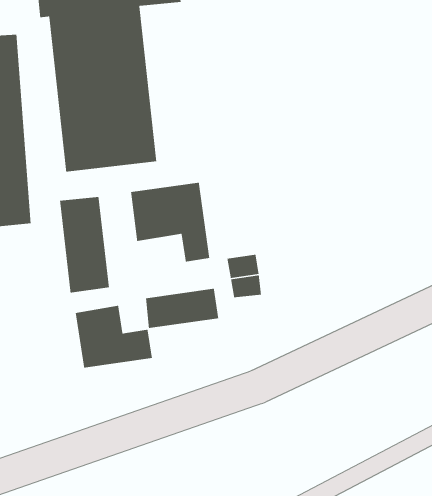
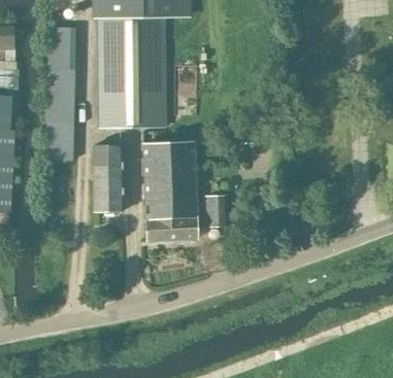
building: [75,305,153,368] -> [144,177,195,218]

